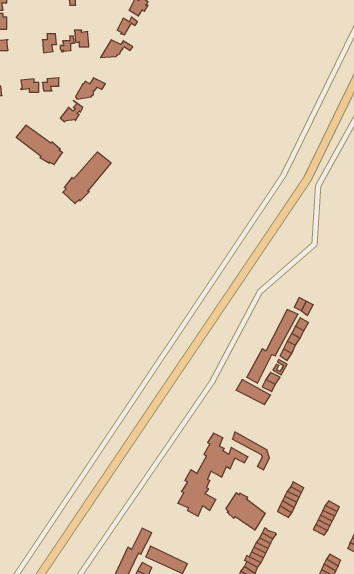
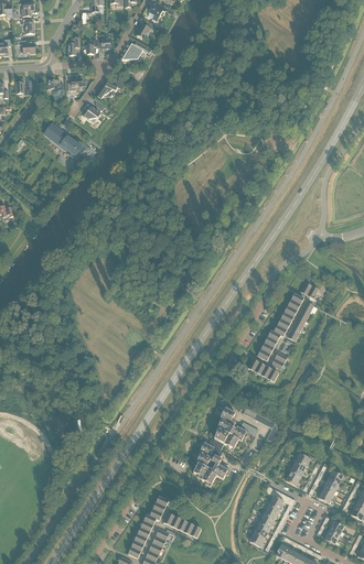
building: [63,152,111,204] -> none
building: [226,493,265,530] -> none

